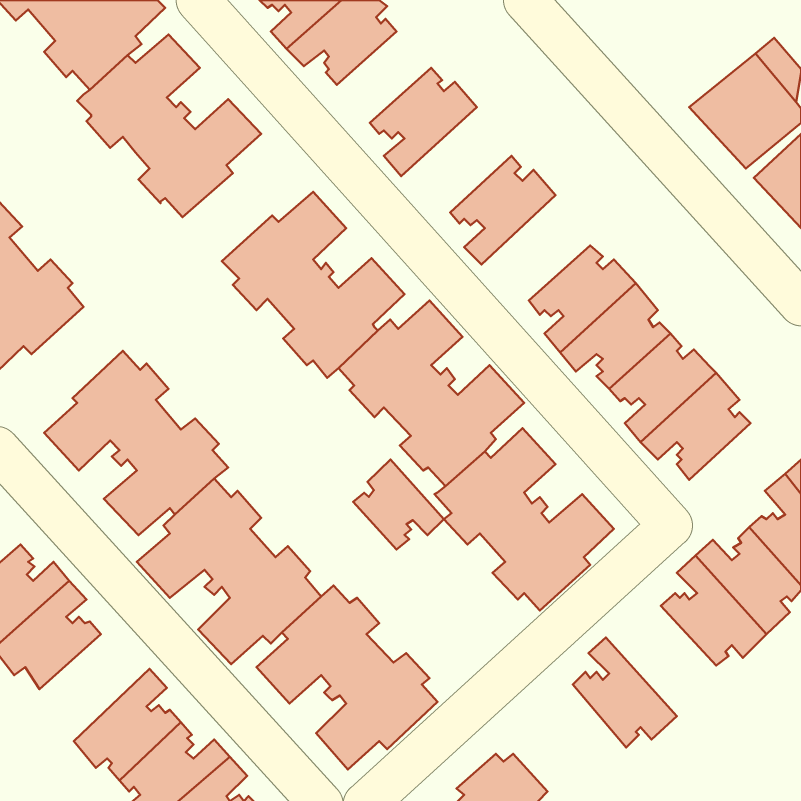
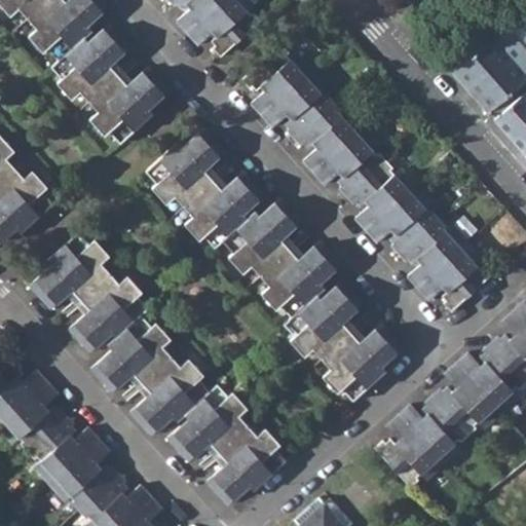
building: none -> [262,72,334,141]
building: none -> [314,129,385,198]
building: [353,459,444,550] -> none
building: none -> [396,398,467,469]
building: none -> [26,416,98,486]

